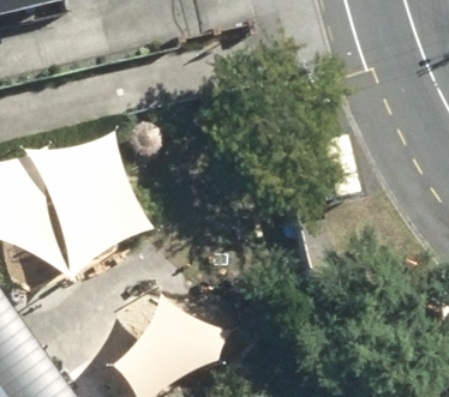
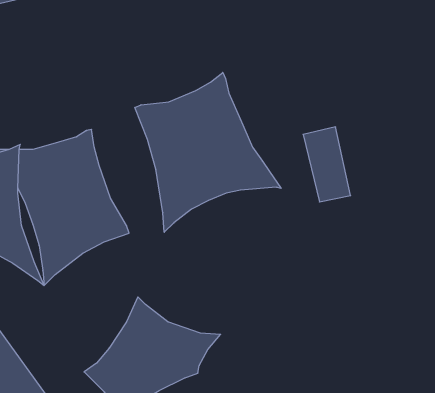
building: none -> [135,72,281,232]

